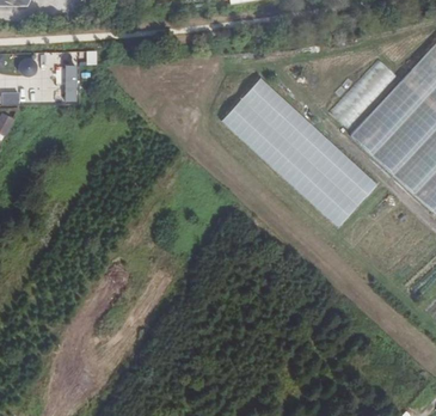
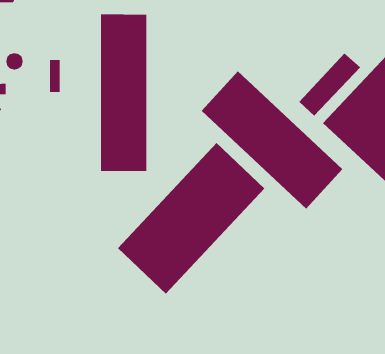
building: none -> [100,13,147,172]
building: none -> [117,142,265,295]

